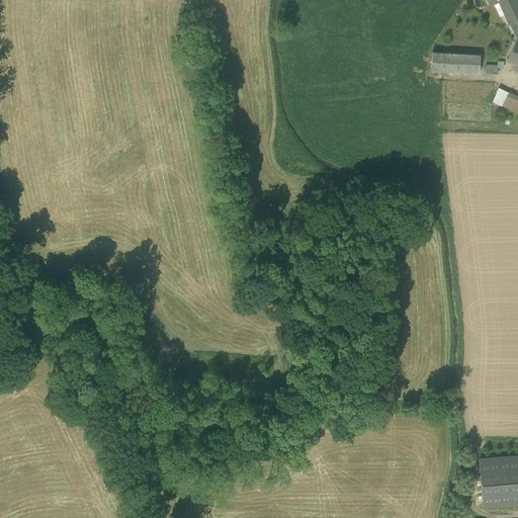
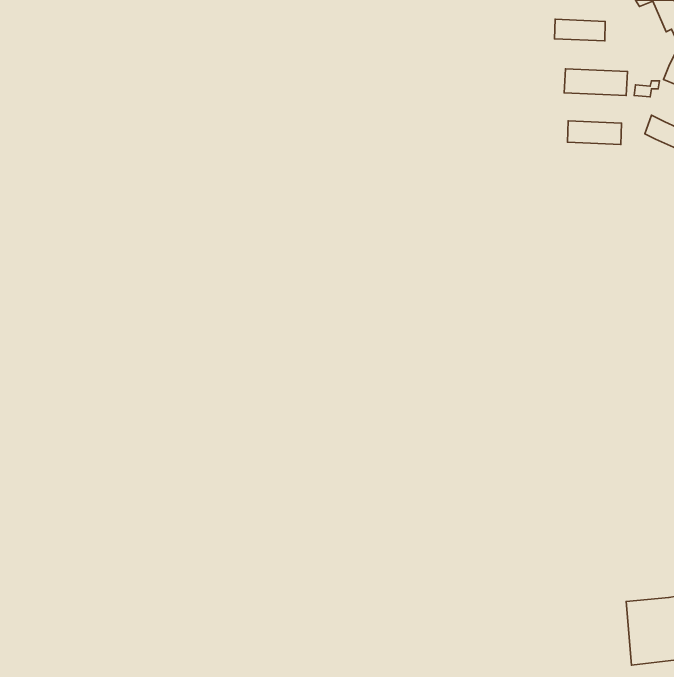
building: none -> [554,19,605,41]
building: none -> [568,121,622,144]

